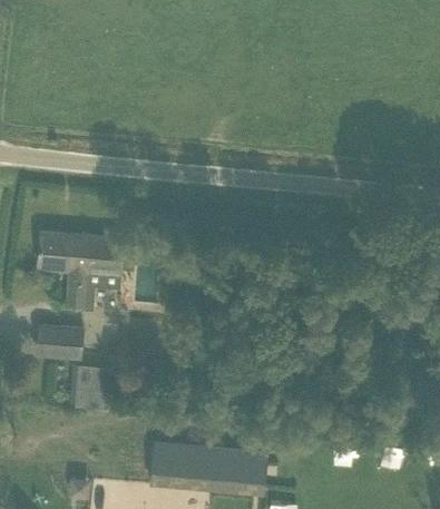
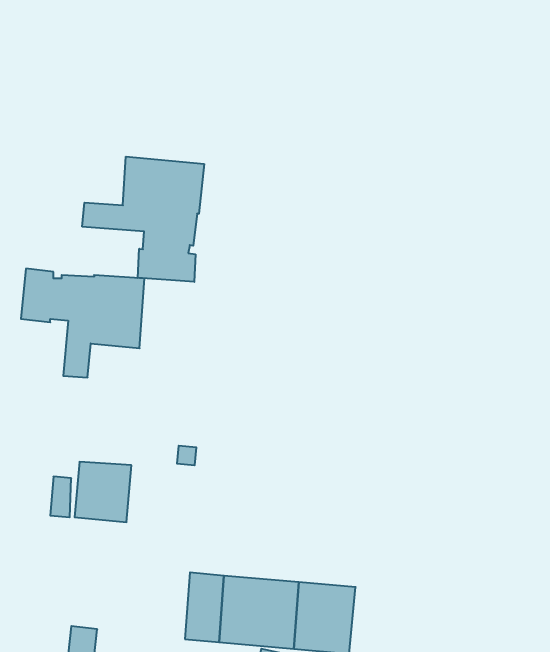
building: none -> [82,157,204,282]
building: [38,327,82,359] -> none

